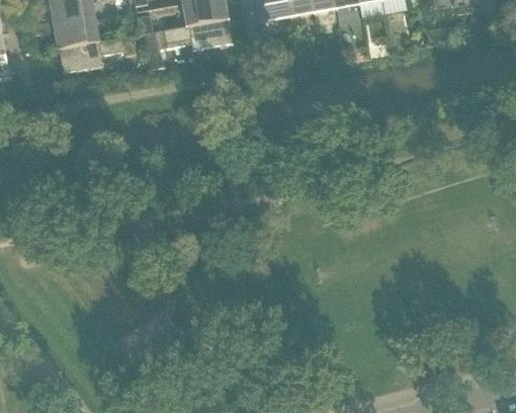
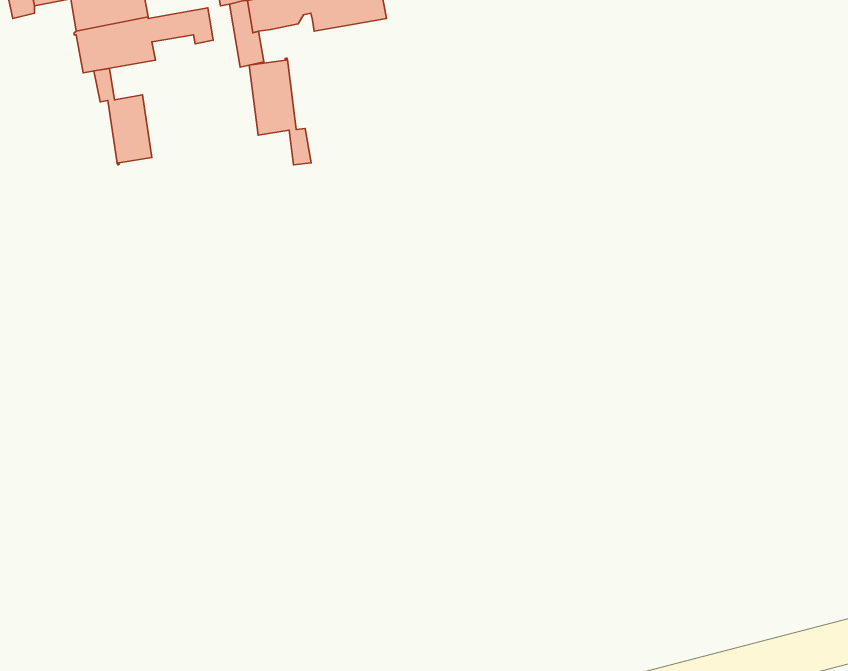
building: none -> [249,58,311,165]
building: none -> [94,68,152,165]

